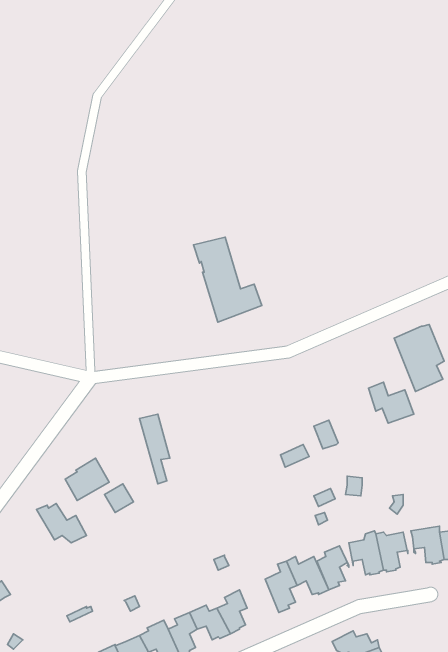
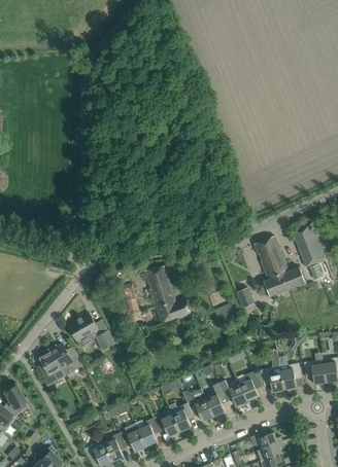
building: [193,237,262,322] -> [144,265,191,323]
building: none -> [255,236,289,296]
building: none -> [39,348,62,386]
building: none -> [182,390,214,421]

